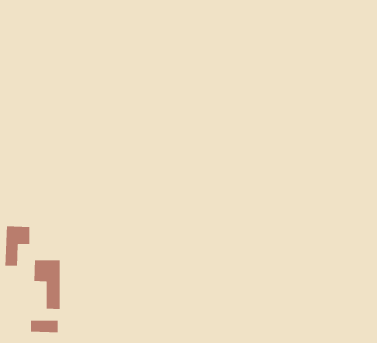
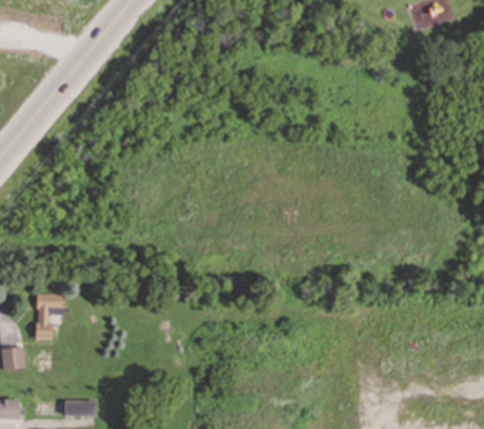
building: [33,260,60,310] -> none

